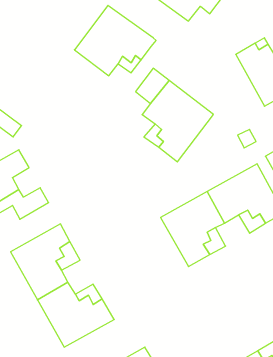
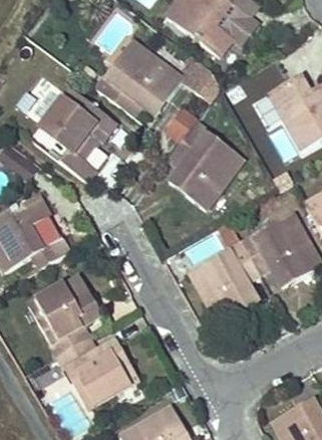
building: none -> [180,60,221,102]
building: none -> [39,85,114,182]

